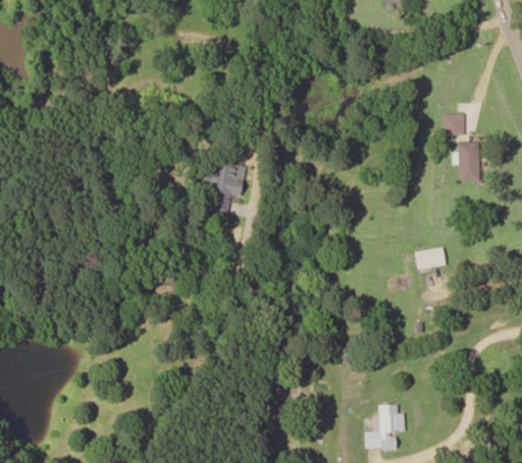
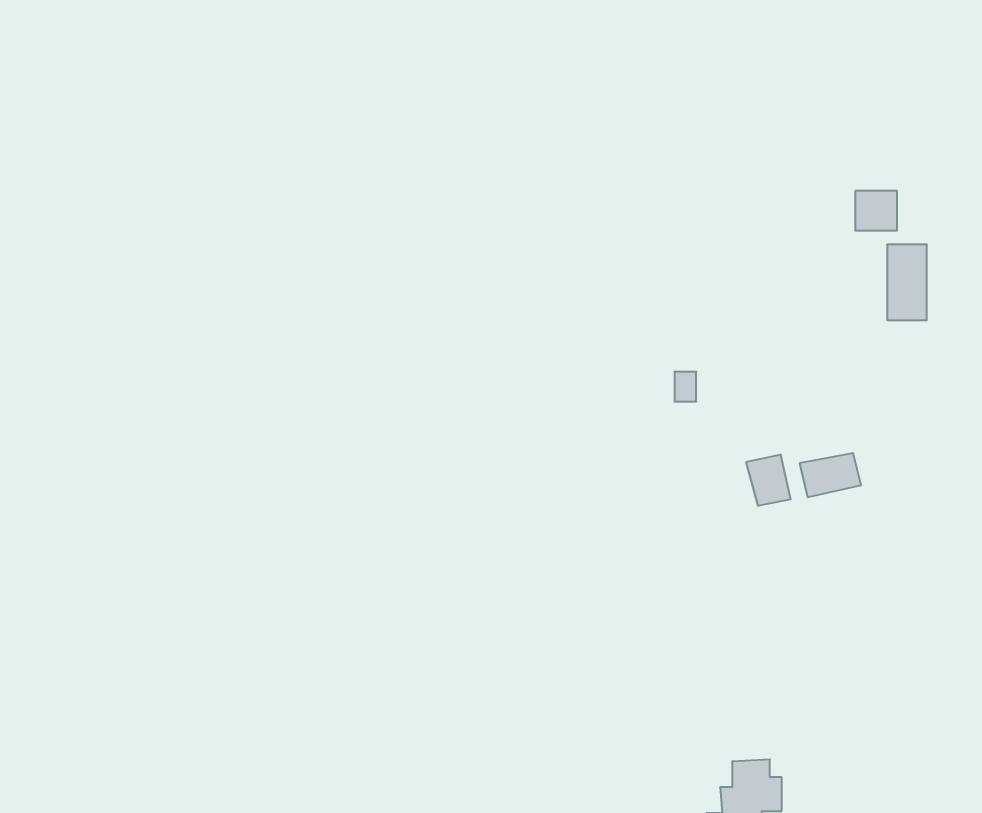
building: [203,161,246,216] -> none
building: none -> [746,454,791,506]

